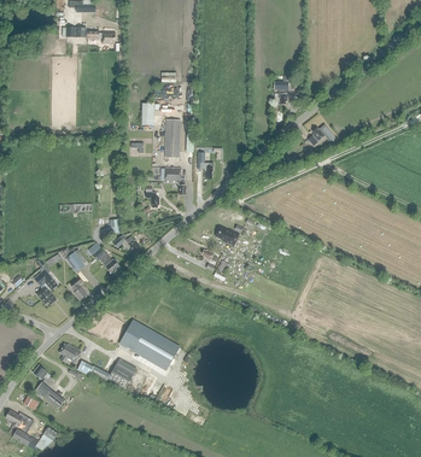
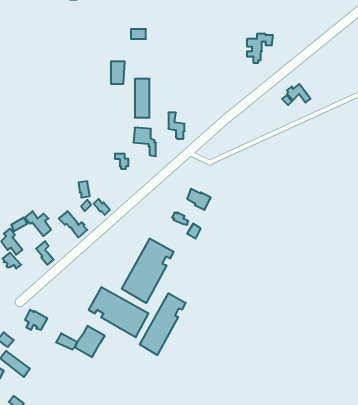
building: none -> [122,238,174,303]
building: none -> [140,293,186,355]

